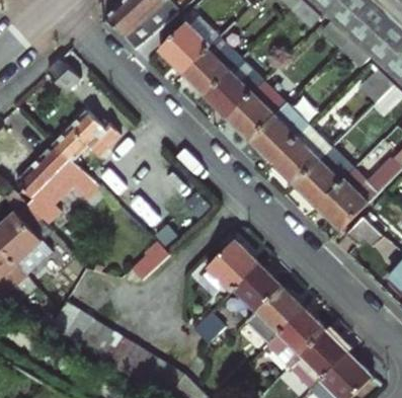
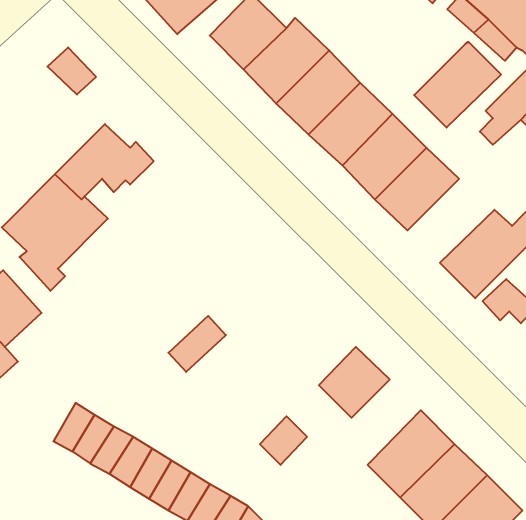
building: [295,147,354,206] -> [414,42,501,128]
building: [210,240,259,290] -> none
building: [247,286,304,342] -> none

